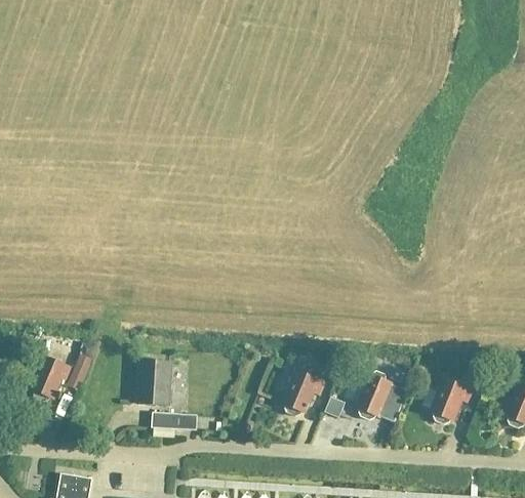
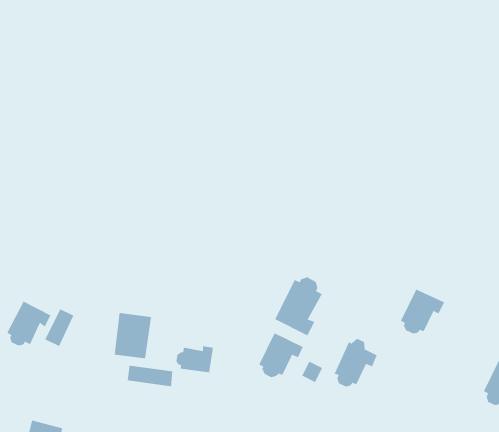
building: none -> [275,276,323,336]
building: [431,378,474,423] -> [400,289,445,334]
building: none -> [176,345,213,373]

